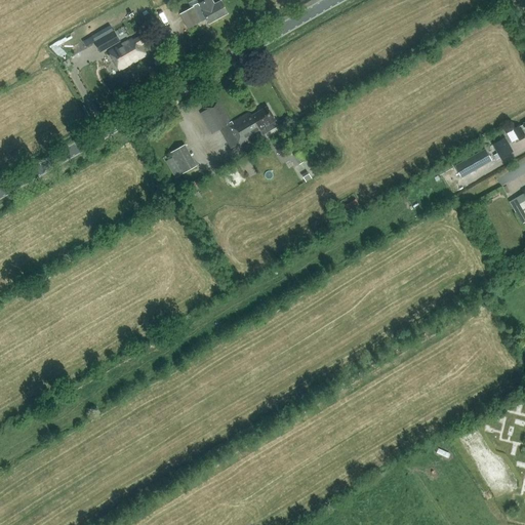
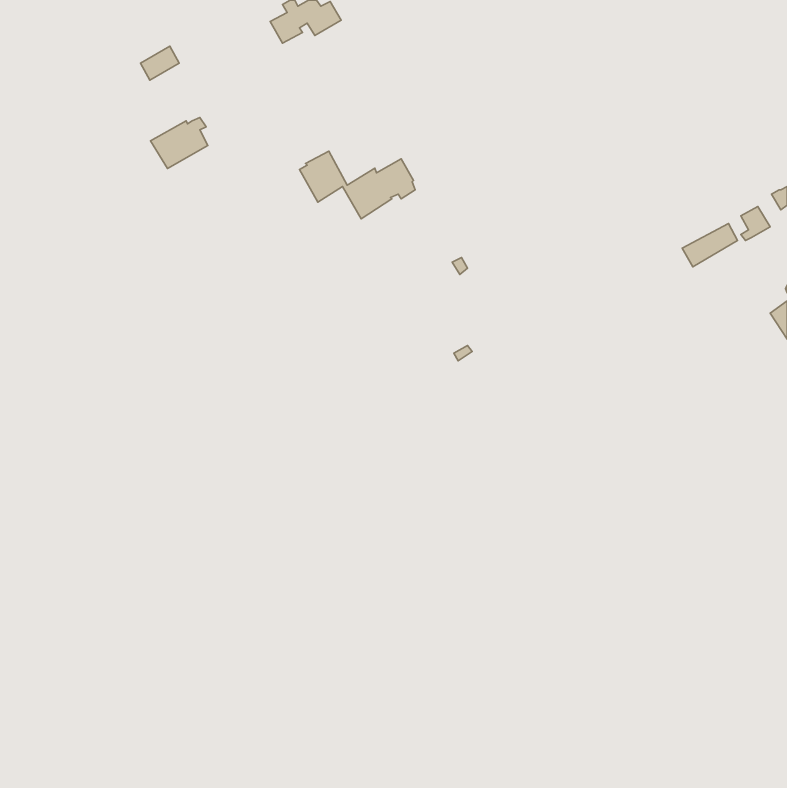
building: [108,37,146,71] -> [151,118,208,169]
building: [167,144,200,177] -> none

